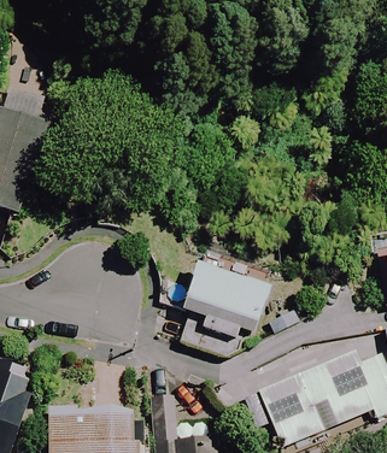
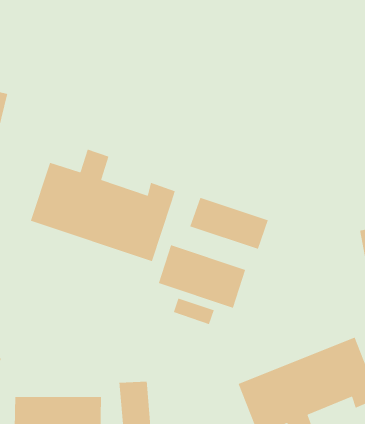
building: none -> [30,148,176,262]
building: none -> [189,197,269,250]

